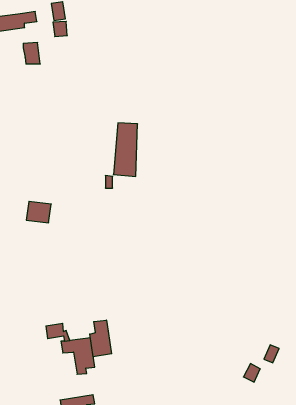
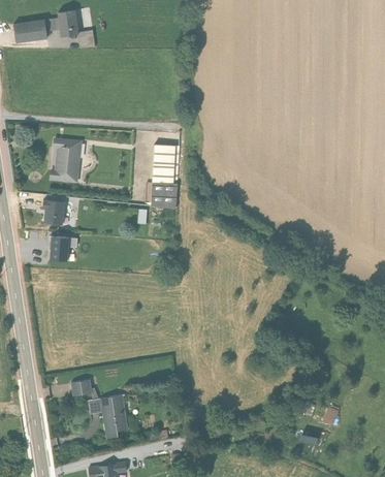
building: [23,43,40,64] -> [59,11,78,36]
building: none -> [49,138,83,183]
building: none -> [41,200,65,228]
building: [90,320,112,357] -> none

